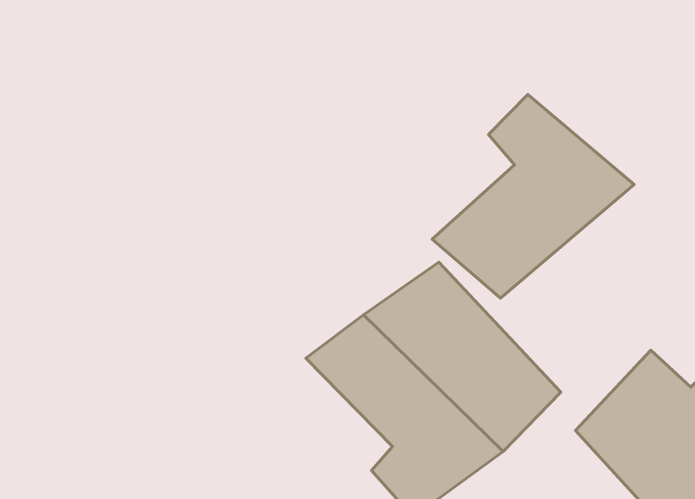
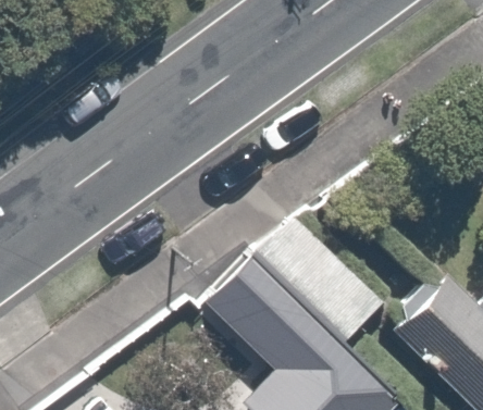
building: [432,94,634,298] -> none

